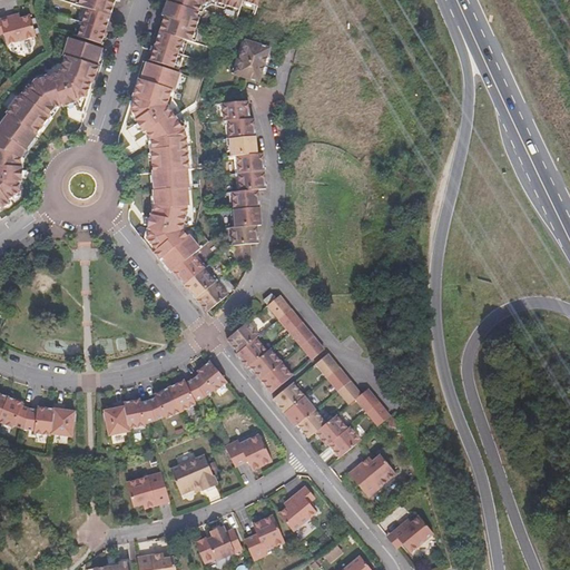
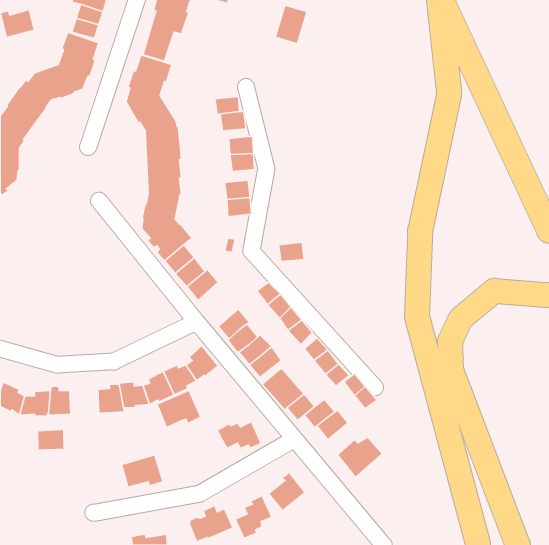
building: [233,33,266,73] -> [275,5,307,44]
building: [232,223,258,243] -> [279,242,304,262]
building: none -> [37,430,64,450]
building: [171,455,217,494] -> [157,390,201,428]
building: [389,519,429,557] -> none

